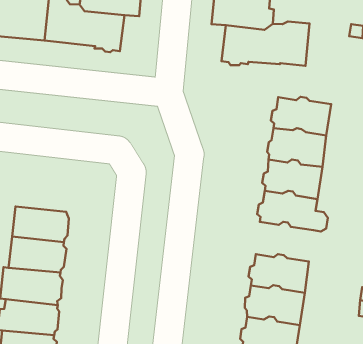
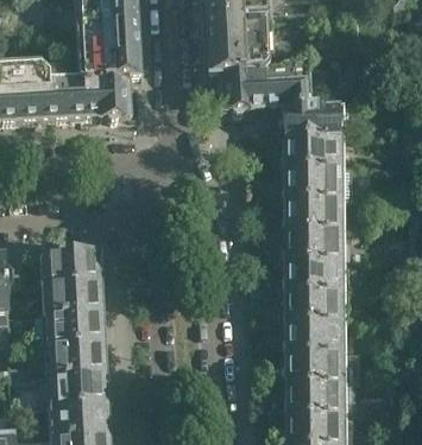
building: none -> [279,98,339,134]
building: none -> [42,246,102,280]
building: none -> [285,254,341,290]

